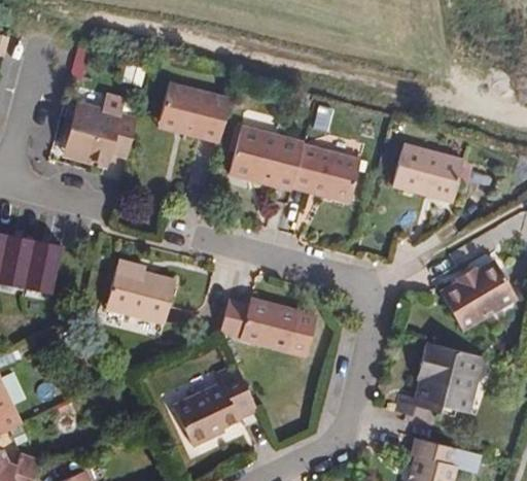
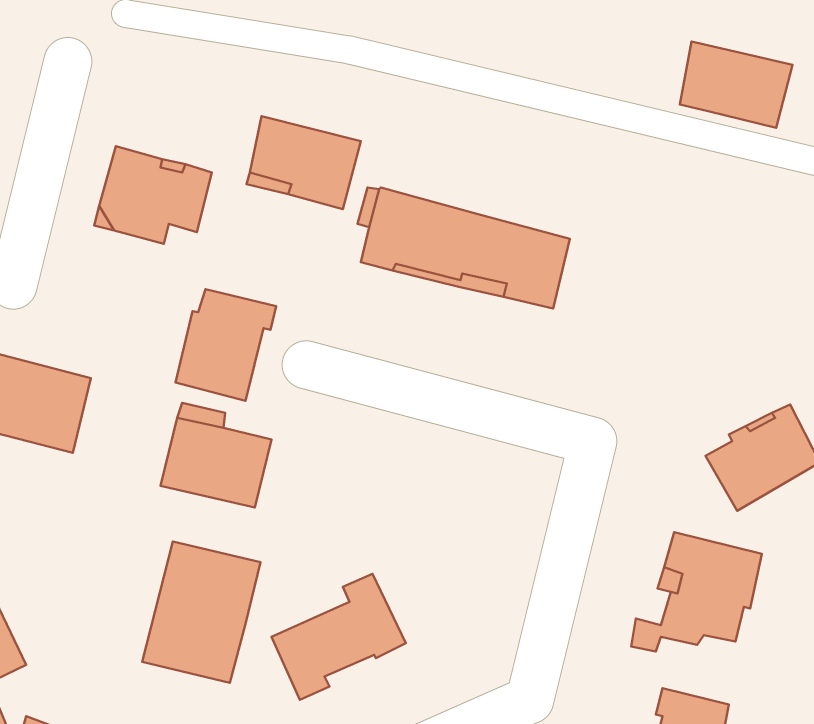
building: [395,143,465,197] -> [680,42,793,128]
building: none -> [175,289,276,401]
building: [220,300,300,352] -> none
building: none -> [142,541,260,683]

